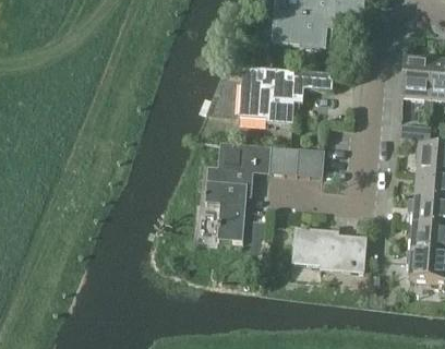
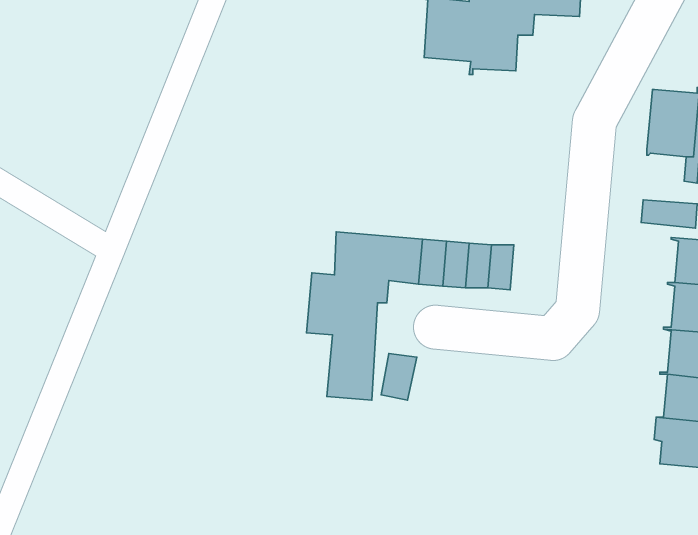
building: [238,65,333,124] -> none
building: [291,226,366,273] -> none

